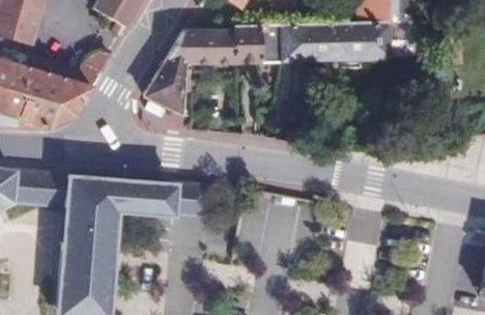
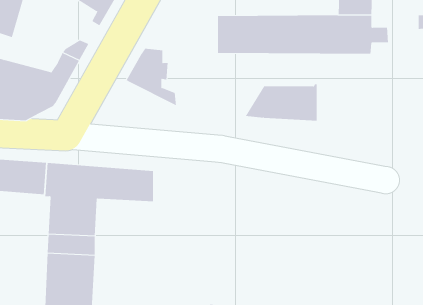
building: [164,26,236,63] -> [245,84,318,121]
building: [173,180,204,212] -> none

